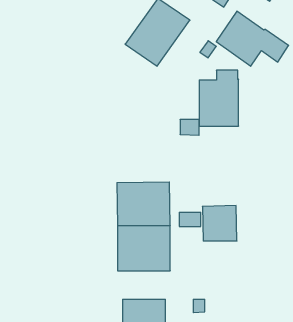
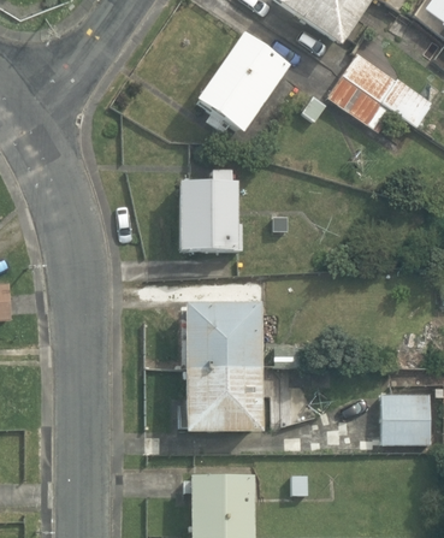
building: [199,70,239,126] -> [179,167,237,249]
building: [202,206,237,241] -> [383,391,433,443]

